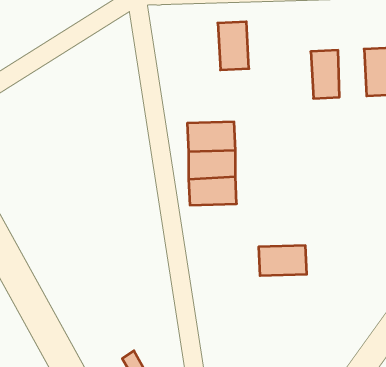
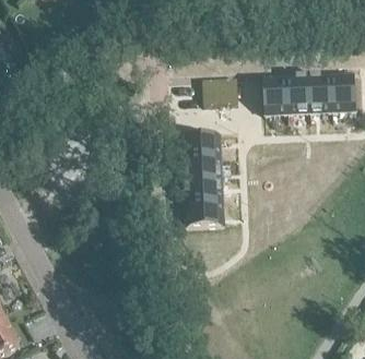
building: [218,22,249,70] -> [262,75,289,116]
building: none -> [309,73,333,113]
building: [259,246,307,276] -> [185,203,225,228]

